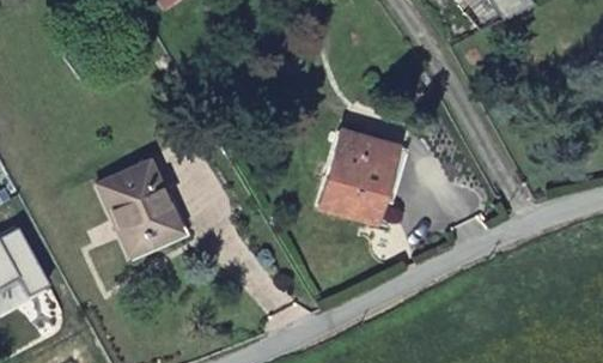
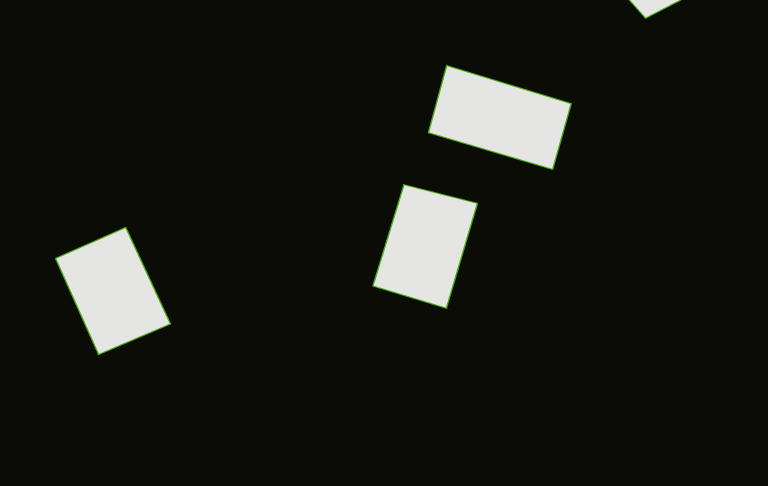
building: none -> [429,65,571,169]

